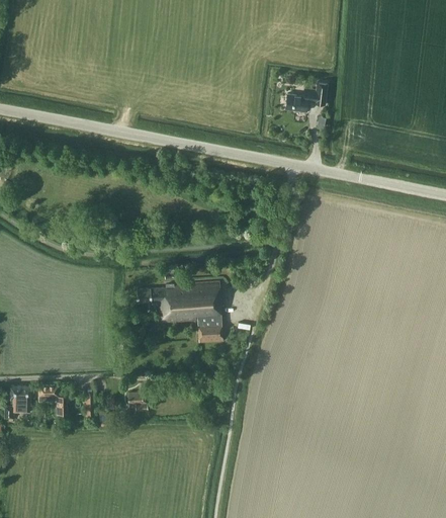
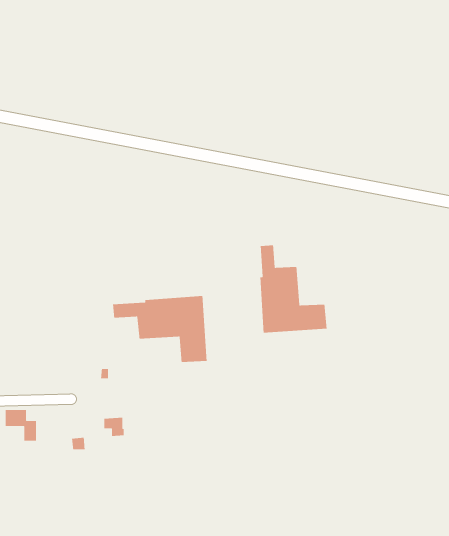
building: [283,82,326,111] -> none
building: none -> [260,245,327,334]

